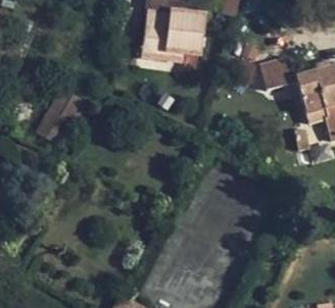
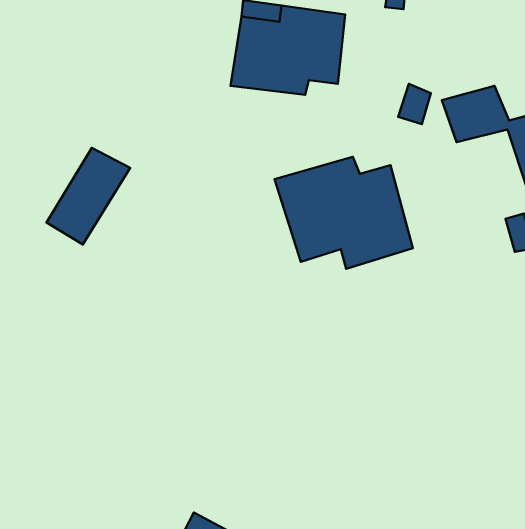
building: none -> [275,157,413,269]

